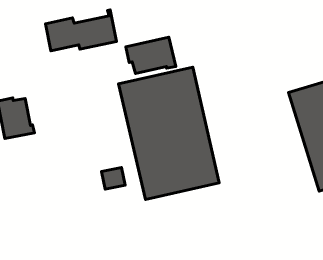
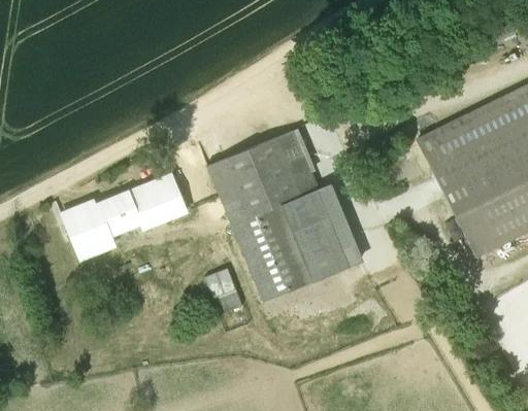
building: [45,10,116,51] -> [96,173,187,236]
building: [126,37,176,74] -> none

